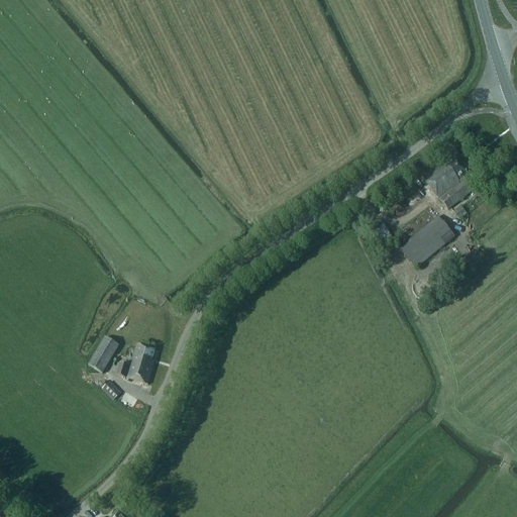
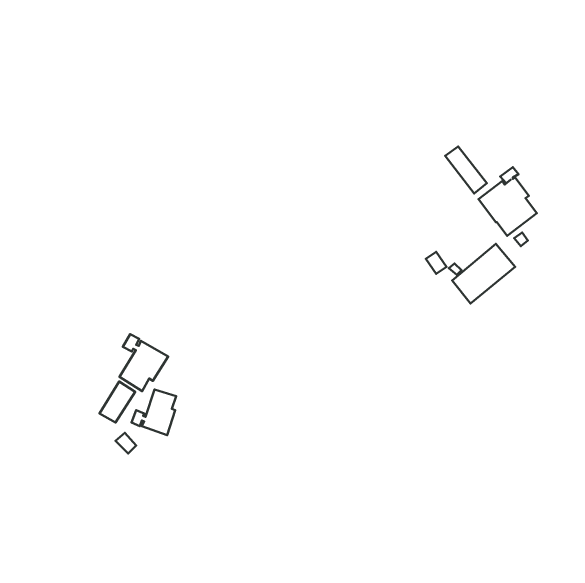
building: none -> [445,147,487,193]
building: none -> [119,334,168,391]

